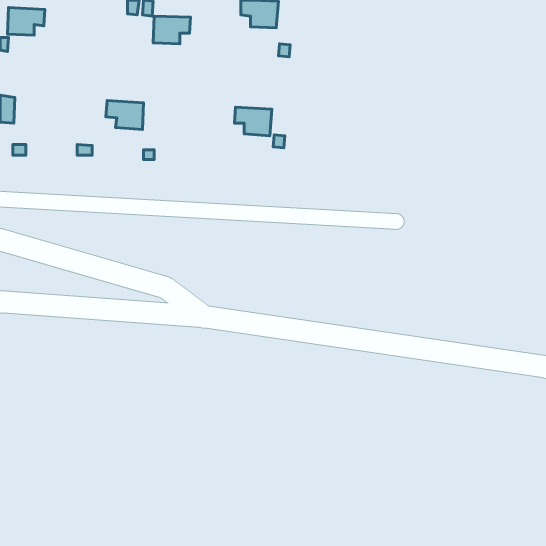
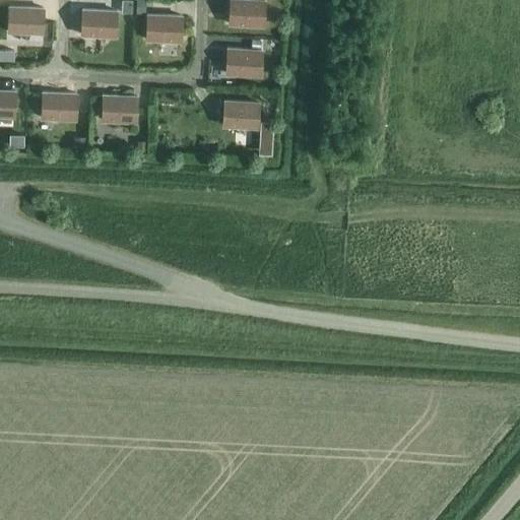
building: none -> [82,11,117,38]
building: none -> [226,50,262,77]
building: none -> [42,94,77,121]

